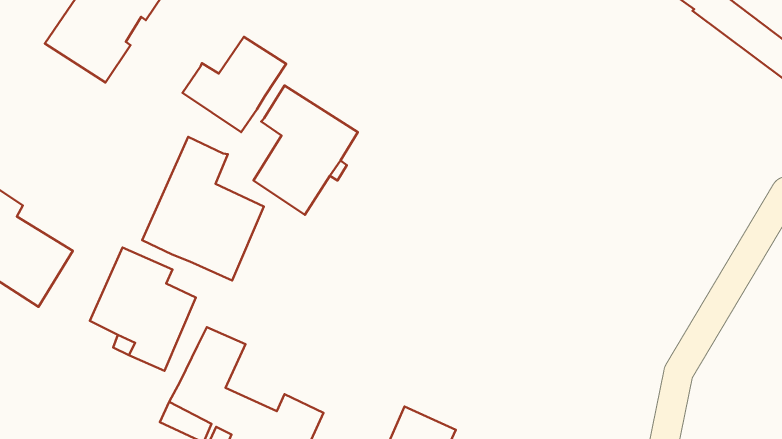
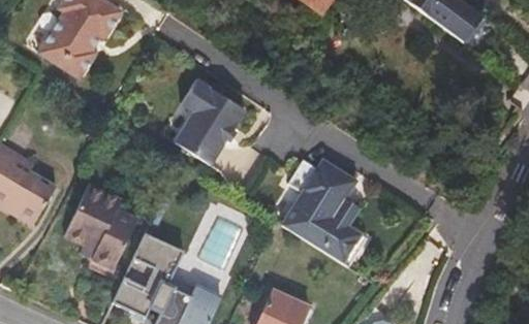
building: [182,37,286,132] -> none
building: [142,137,264,280] -> none
building: none -> [281,159,366,267]

